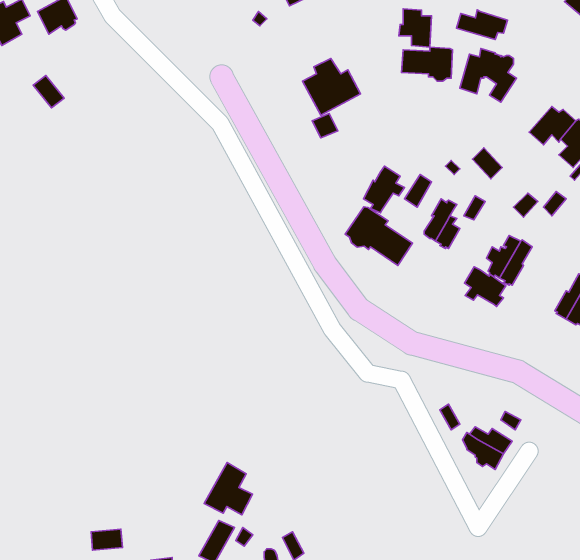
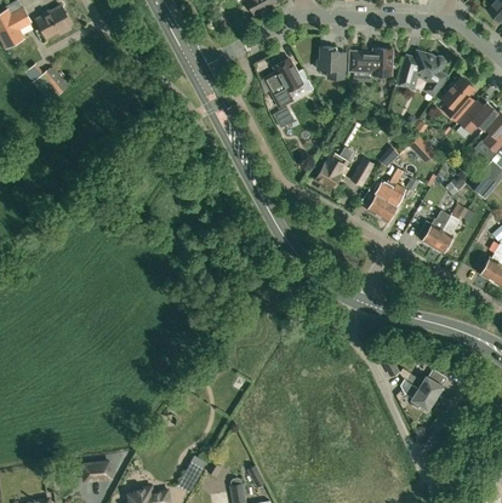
building: [399,9,431,47] -> [316,46,344,79]
building: [457,10,507,39] -> none
building: none -> [441,76,473,120]
building: [345,207,412,265] -> none
building: [464,267,506,306] -> none
building: [204,462,252,515] -> none

